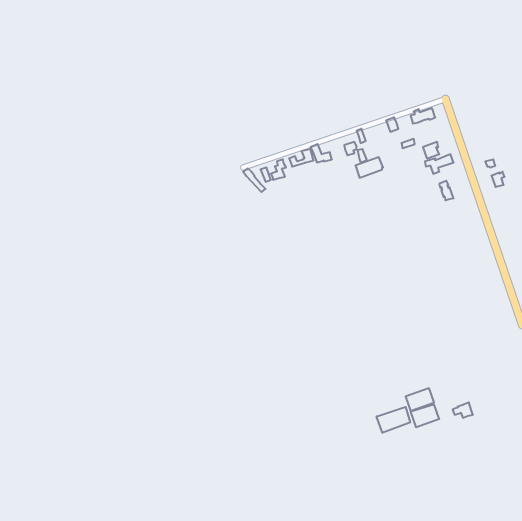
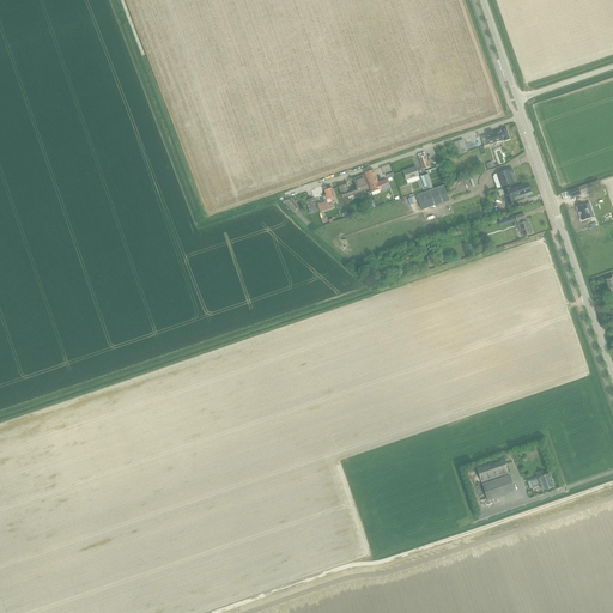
building: [377,407,410,433] -> none

